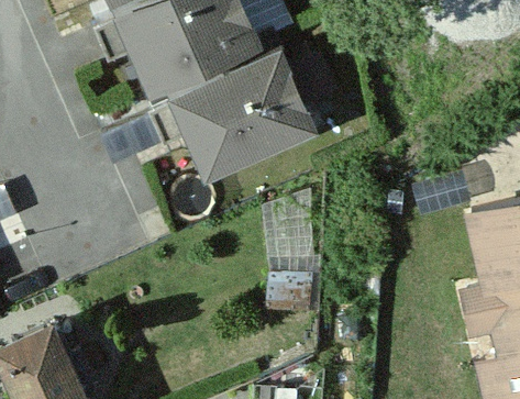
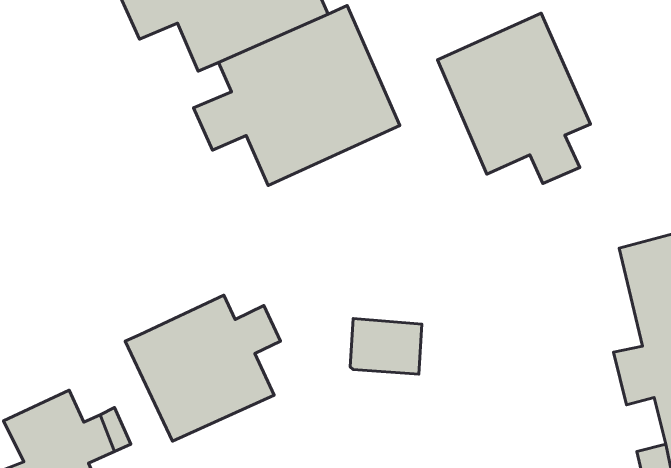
building: none -> [437,13,590,184]
building: none -> [125,295,280,441]

